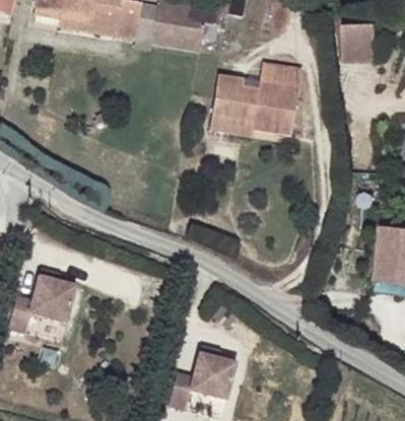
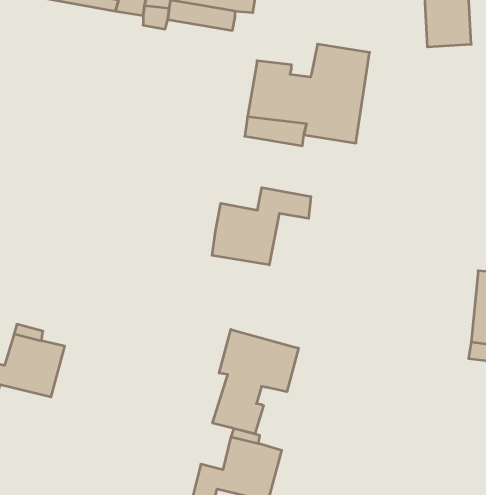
building: none -> [212,188,311,265]
building: none -> [213,329,298,434]

